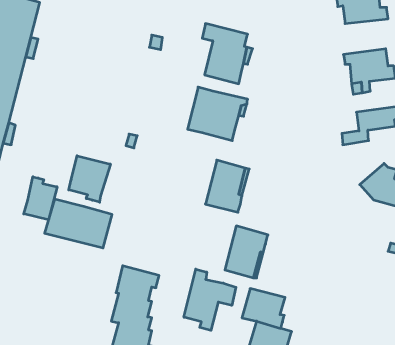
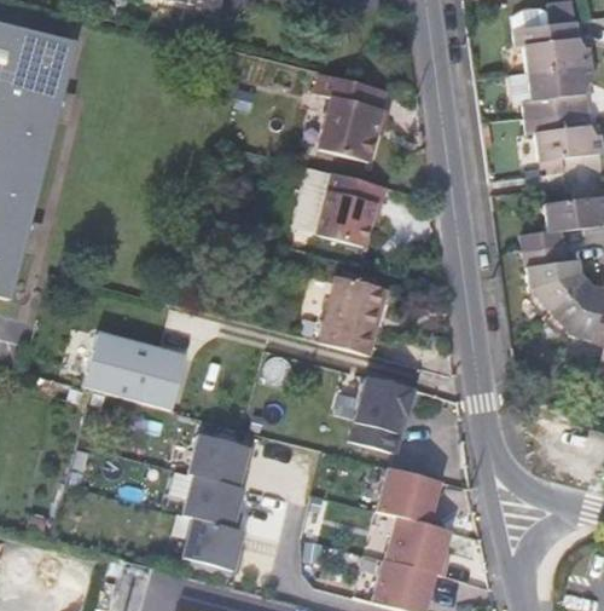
building: none -> [511,65,594,120]
building: none -> [524,247,586,312]
building: [69,156,110,202] -> none
building: [24,177,57,220] -> none
building: [184,269,236,330] -> none

